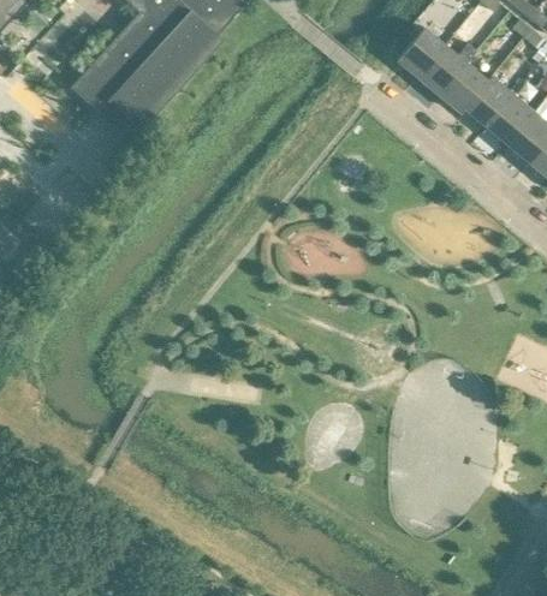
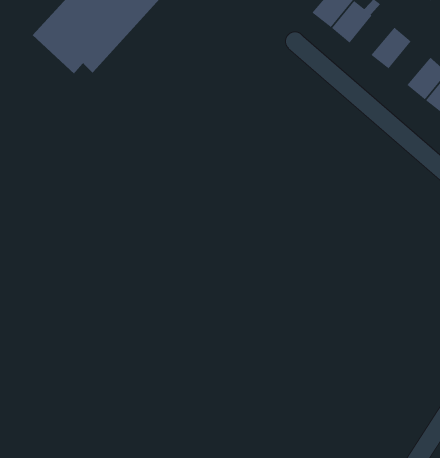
building: [439,62,490,112] -> none
building: [484,93,533,143] -> none

